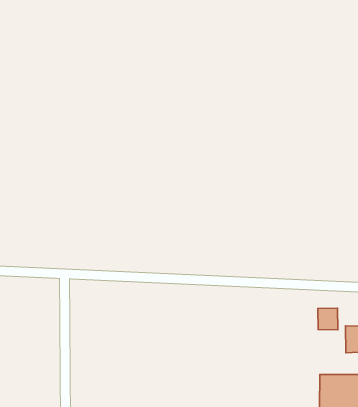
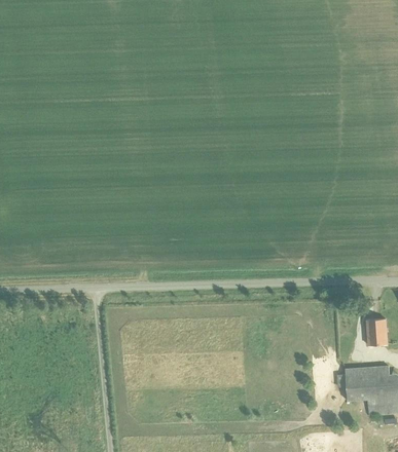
building: [318,308,338,330] -> none

